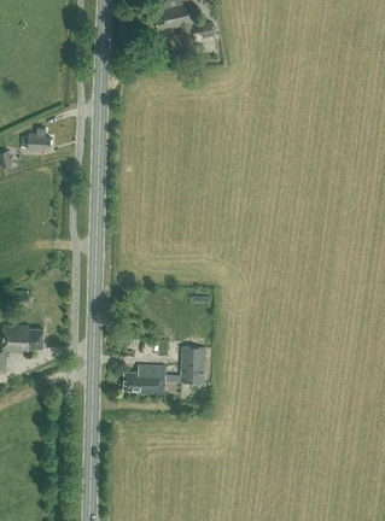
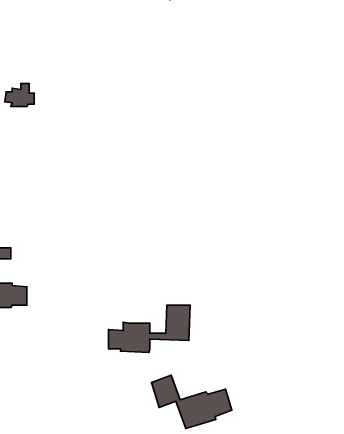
building: none -> [151,375,232,429]

